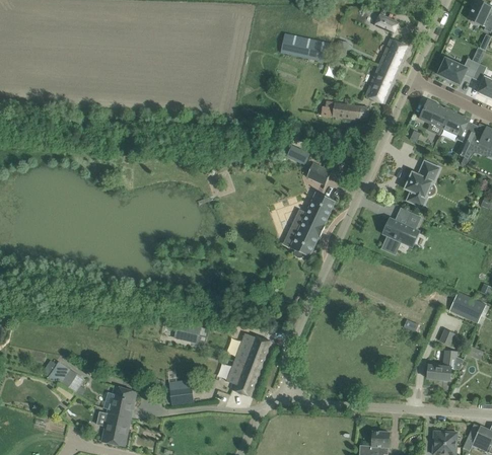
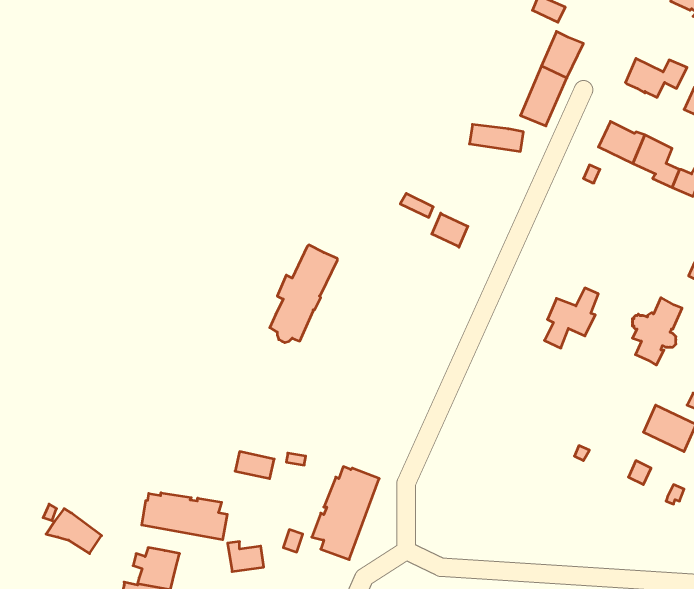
building: [280,32,332,61] -> none
building: [405,160,438,206] -> [632,298,682,365]
building: [289,191,335,256] -> [270,245,337,343]
building: [426,350,455,379] -> none
building: none -> [142,493,227,540]

